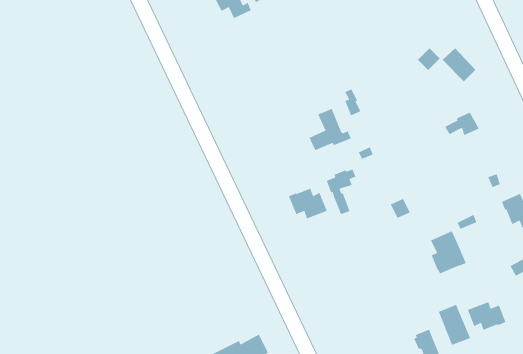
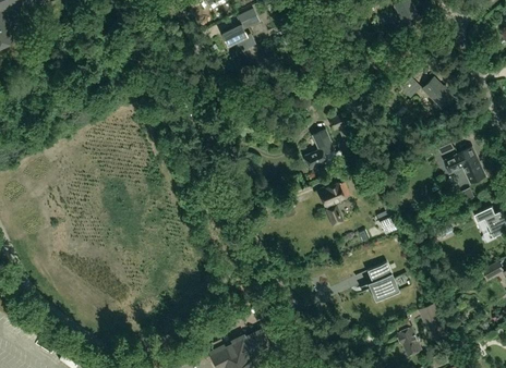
building: none -> [445,147,485,183]
building: [288,187,328,220] -> none
building: [430,230,467,275] -> [366,262,399,302]
building: [467,301,506,331] -> none

